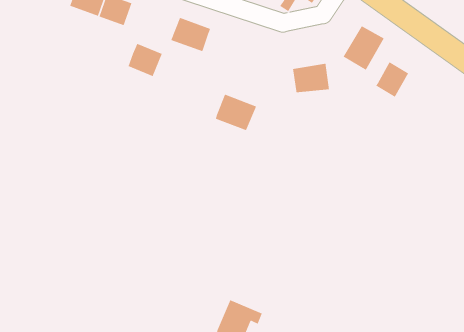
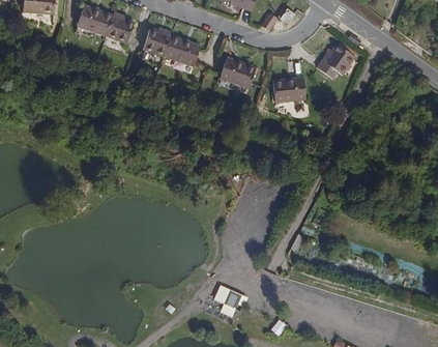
building: [127,43,163,77] -> [142,26,173,56]
building: [375,61,409,98] -> none
building: [215,93,257,131] -> [220,55,257,88]

